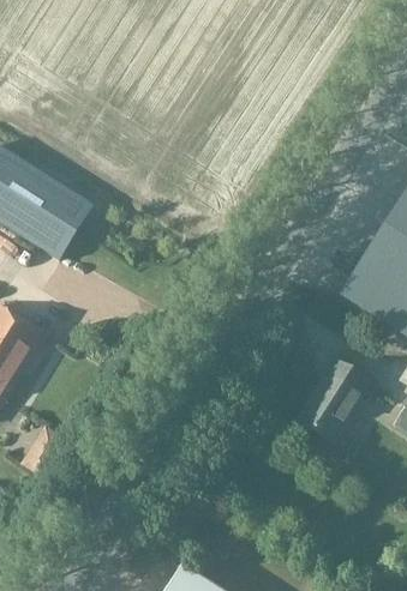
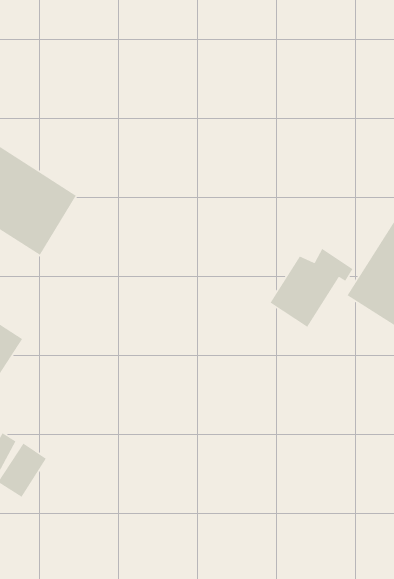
building: [298,367,375,440] -> [269,248,354,328]

